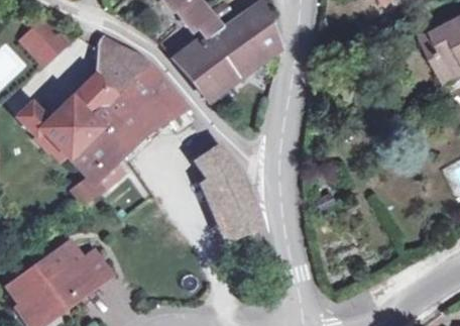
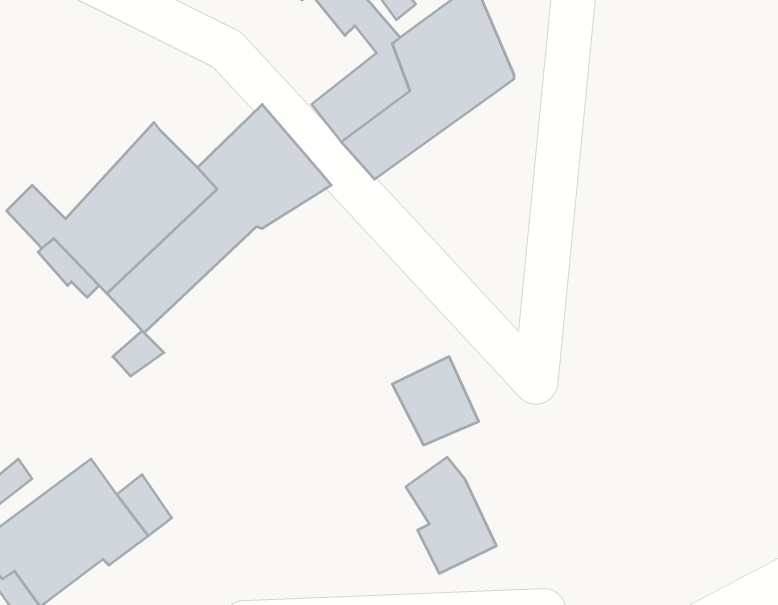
building: [24,17,68,62] -> none
building: [97,36,152,95] -> none
building: [202,146,248,206] -> [406,457,496,573]

